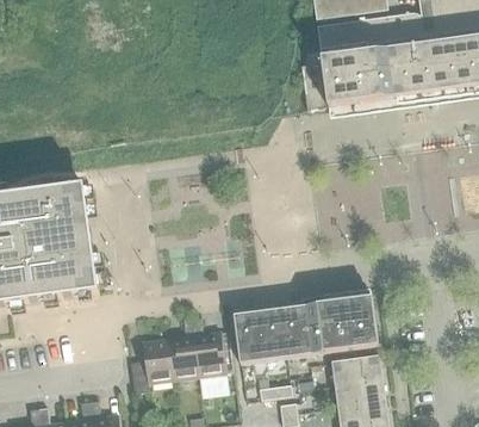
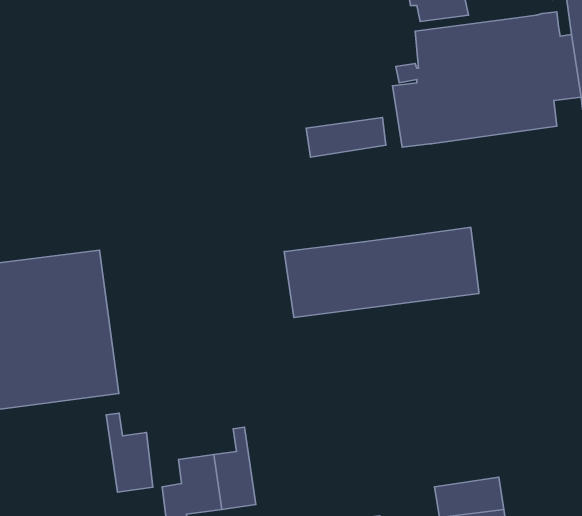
building: none -> [306,117,386,157]
building: [234,298,378,365] -> [284,227,479,318]
building: [191,317,225,376] -> [106,413,153,492]

